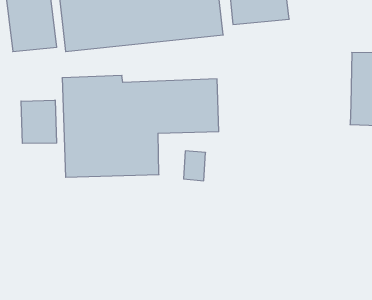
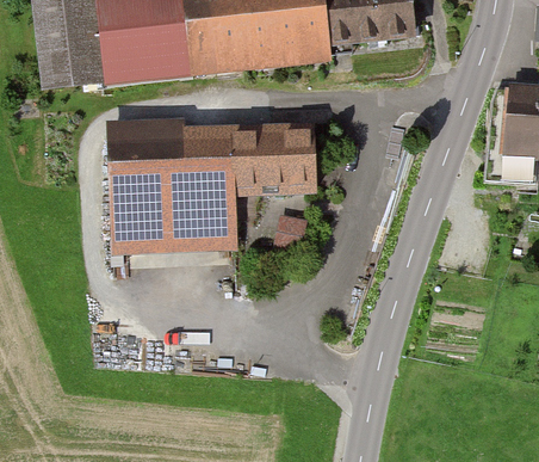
building: [21,100,57,143] -> none

